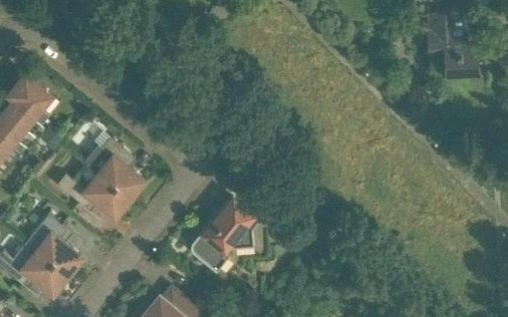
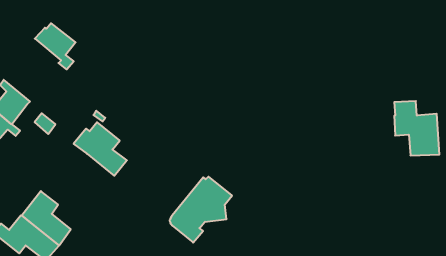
building: [428,15,478,75] -> [394,101,439,155]
building: [6,75,51,126] -> [35,23,76,69]
building: [56,175,129,217] -> none

